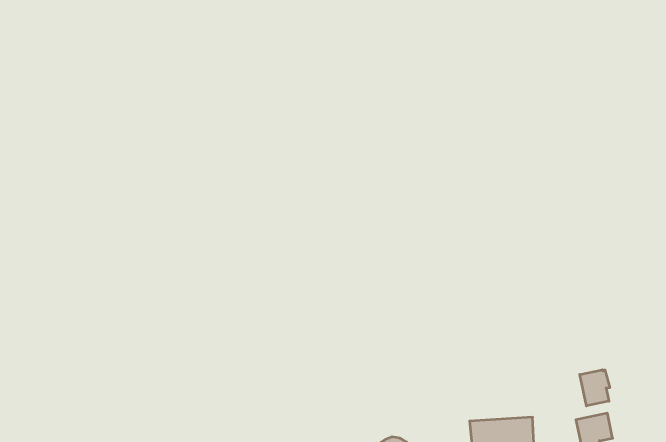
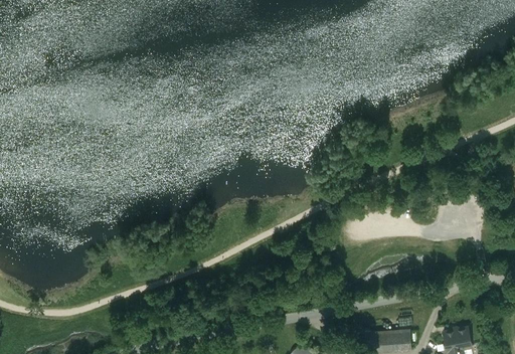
building: [580,370,610,406] -> none

